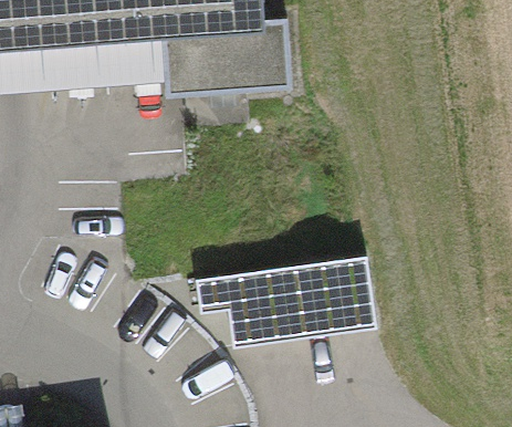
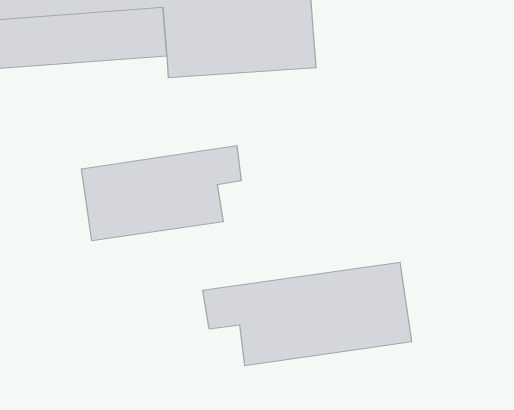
building: none -> [82,146,241,241]

